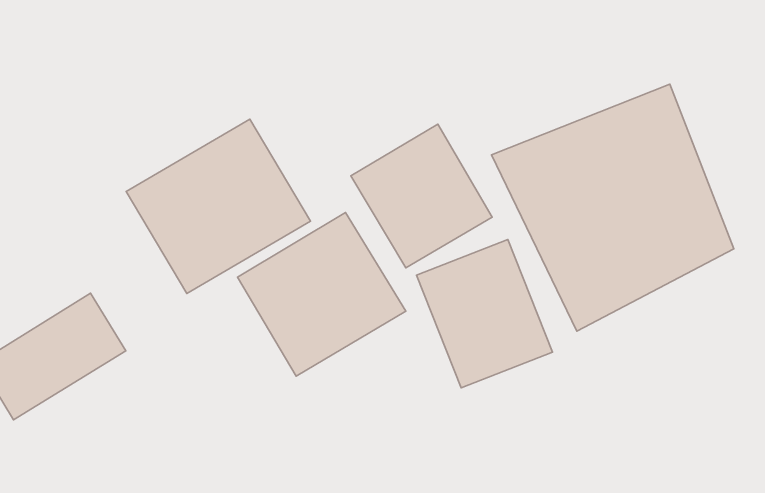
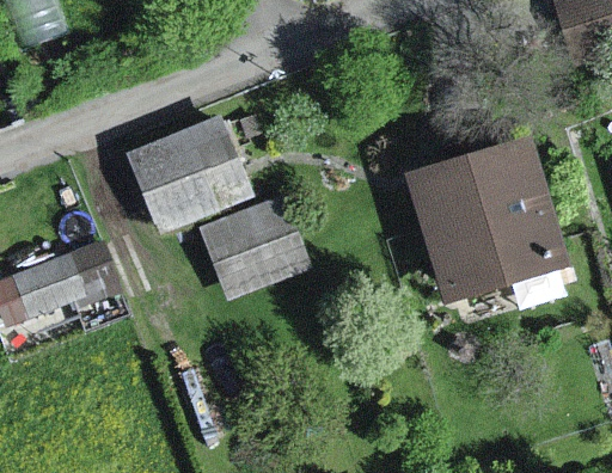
building: [351,124,492,268] -> none
building: [416,240,553,388] -> none

